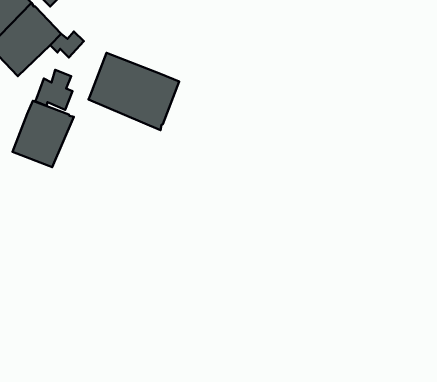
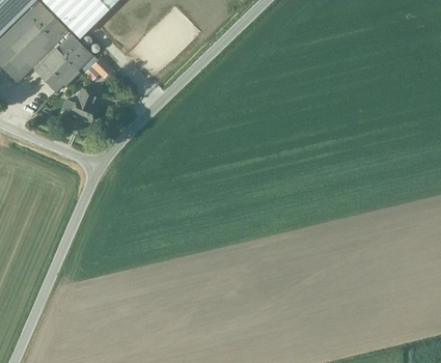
building: [88,53,179,130] -> none
building: [13,101,74,167] -> none

